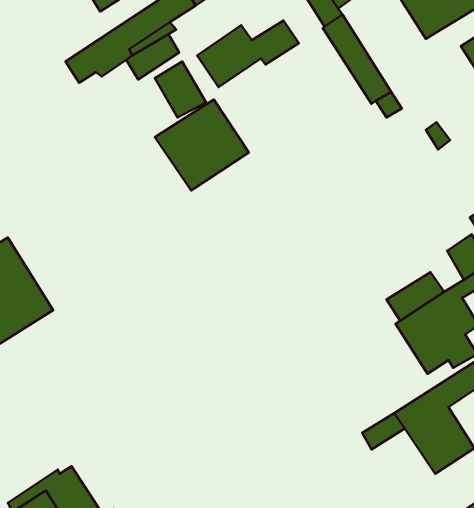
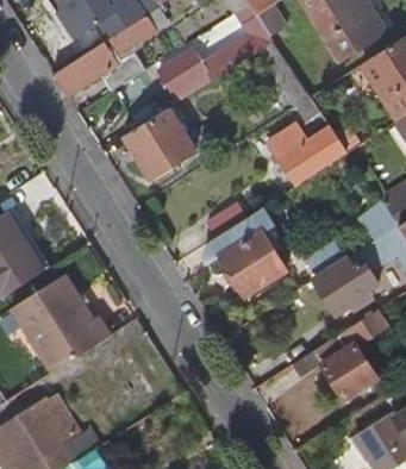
building: none -> [261,117,344,187]
building: none -> [206,210,283,295]
building: none -> [12,276,108,373]

